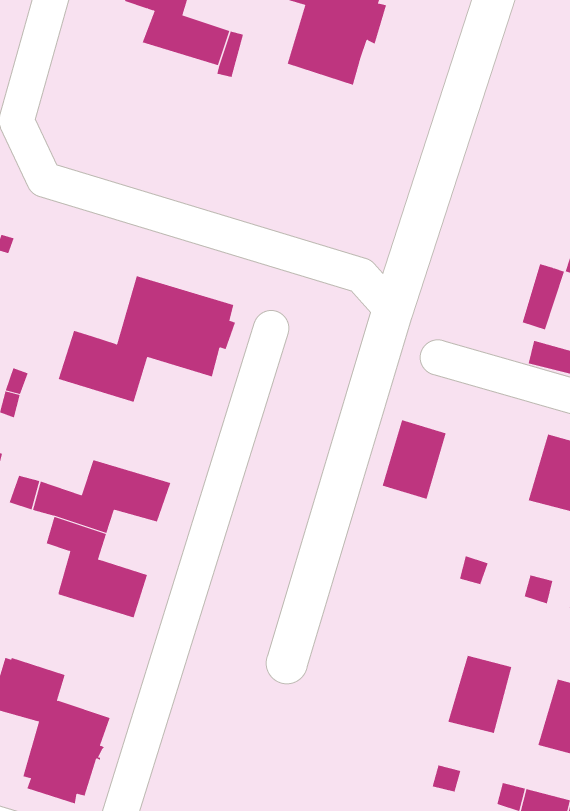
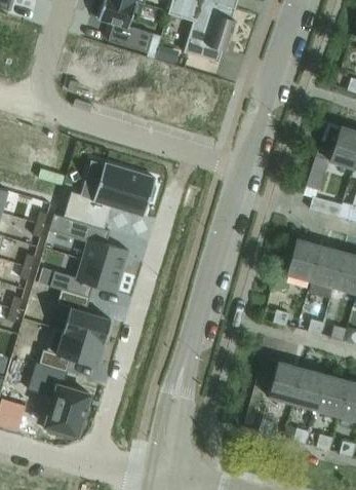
building: none -> [49,214,129,271]
building: [382,419,447,500] -> [286,238,320,280]
building: none -> [39,327,104,372]
building: none -> [292,368,325,409]

